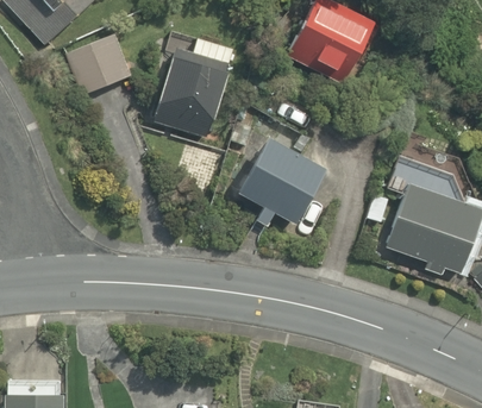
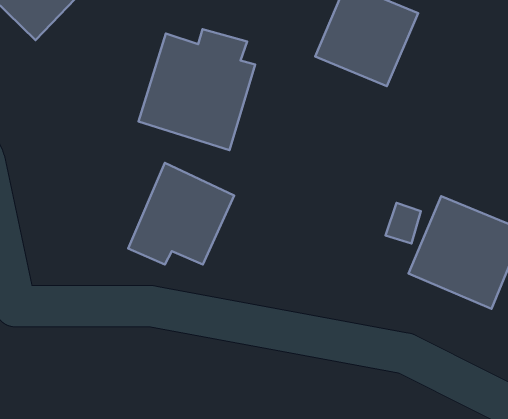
building: [60,32,127,94] -> none
building: [239,142,332,231] -> [128,163,234,265]

